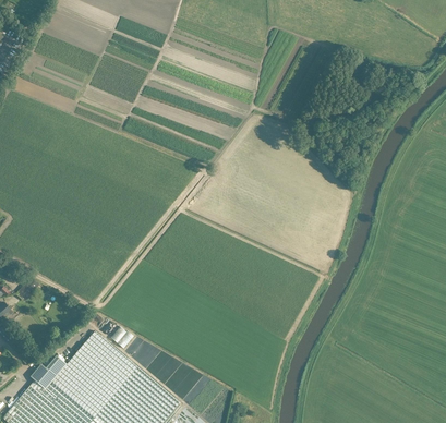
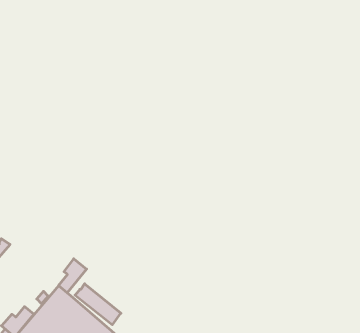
building: none -> [59,259,87,293]

